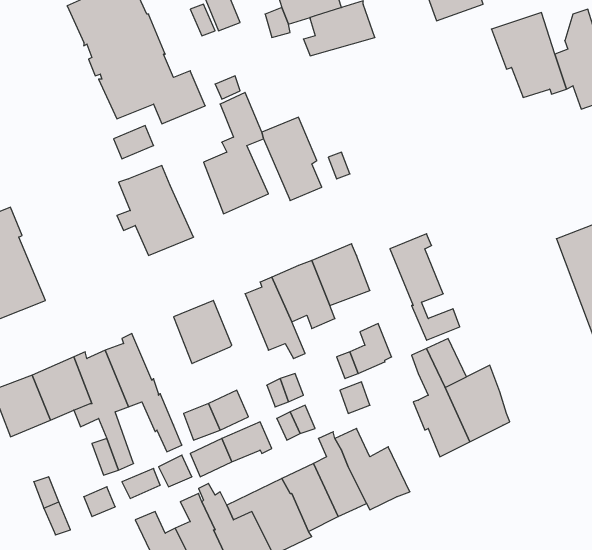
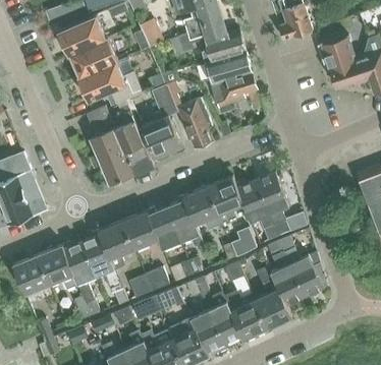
building: none -> [206,51,262,106]
building: none -> [115,116,153,175]
building: none -> [234,180,277,240]
building: none -> [147,207,180,250]
building: none -> [97,222,133,268]
building: none -> [254,266,290,328]

